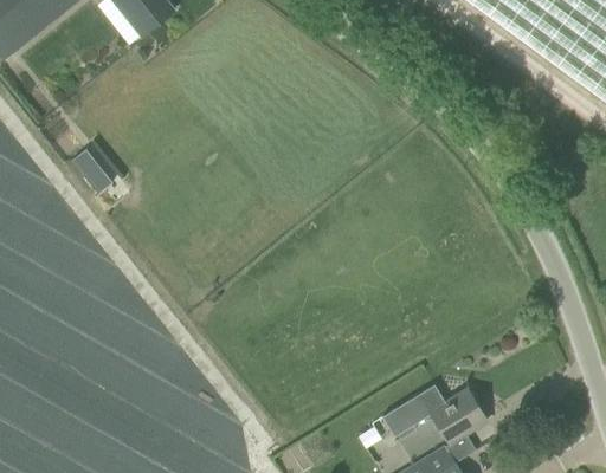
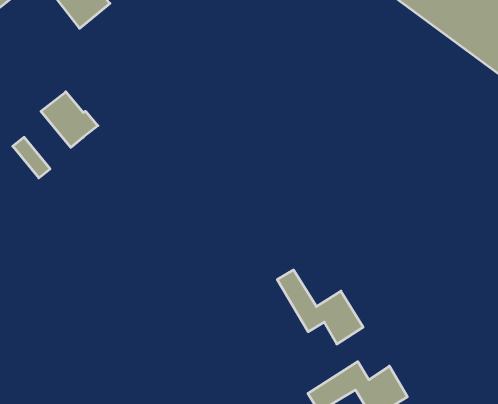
building: none -> [41,92,98,147]
building: none -> [277,270,363,344]

